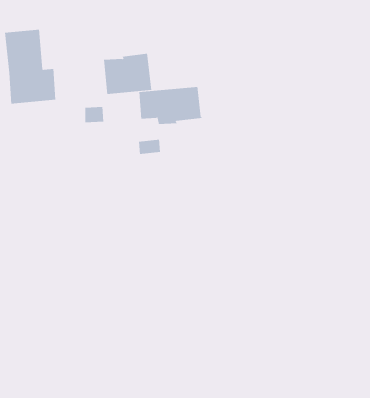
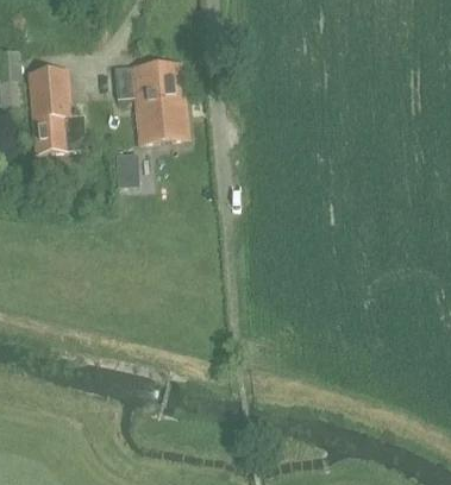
building: [138,86,203,125] -> [114,61,184,102]

